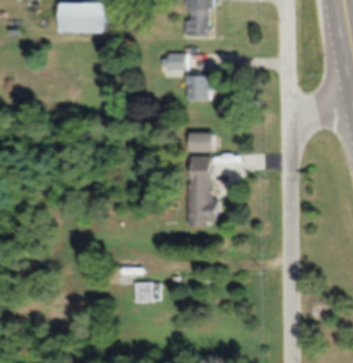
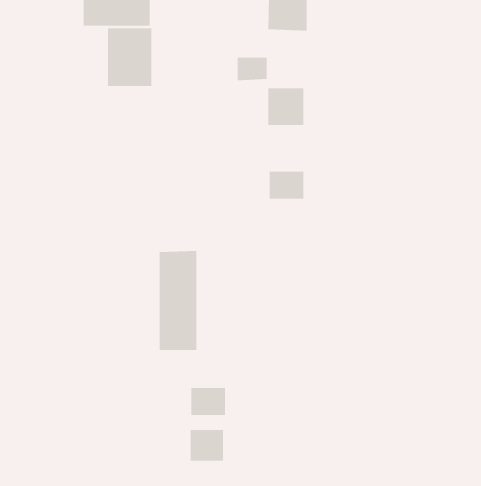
building: none -> [107,28,152,87]
building: [188,155,214,225] -> [159,250,197,351]
building: none -> [190,429,224,461]

